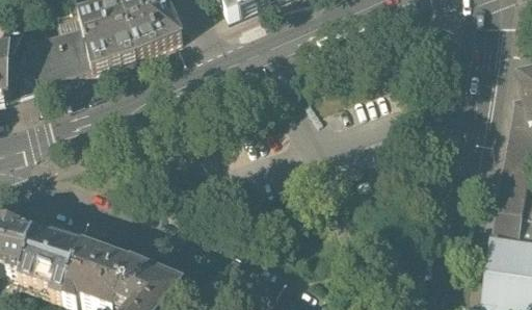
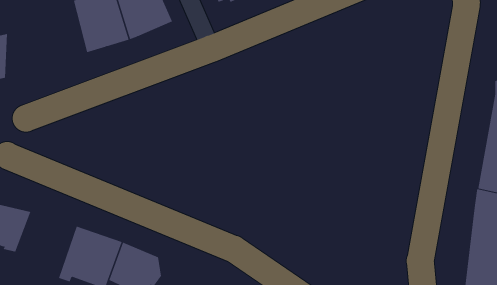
building: [31,20,91,78] -> none
building: [17,226,81,294] -> none

